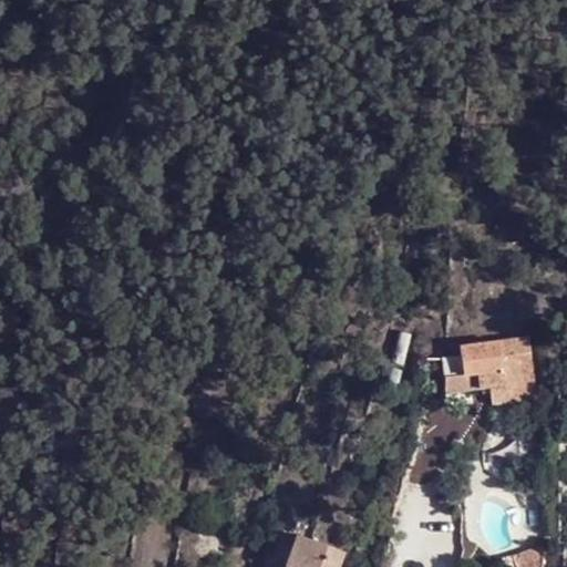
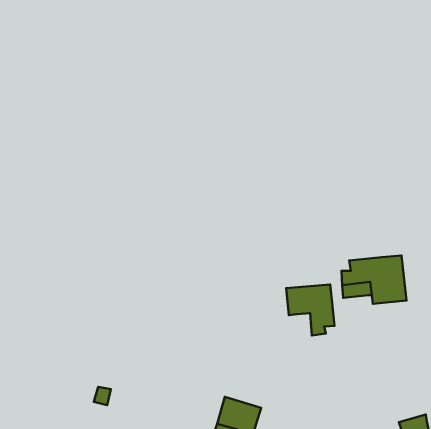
building: none -> [286,284,334,335]

